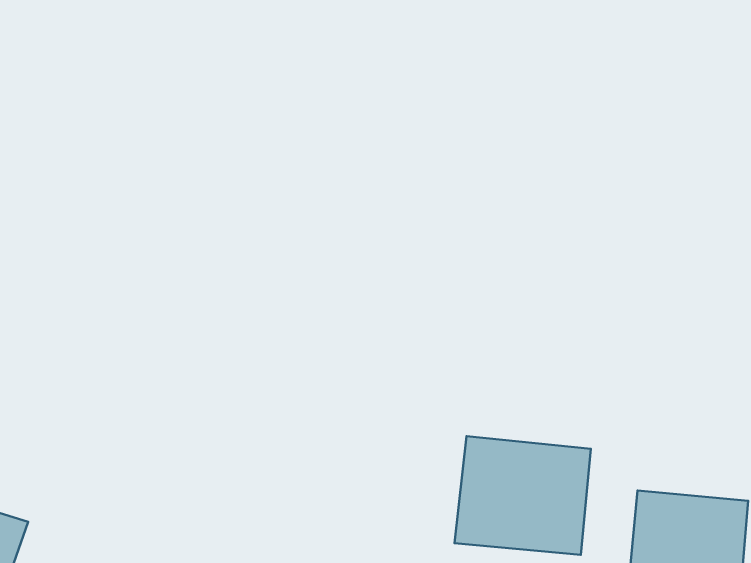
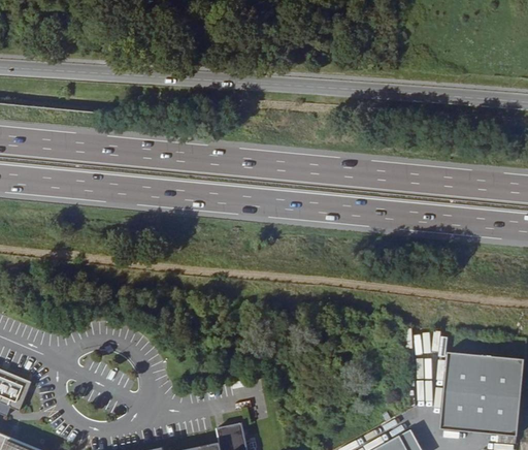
building: [454,436,591,555] -> none

